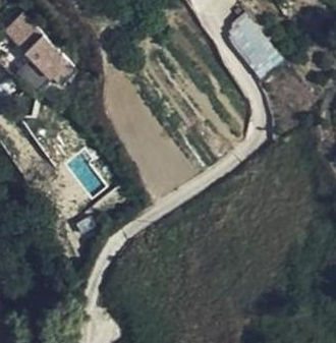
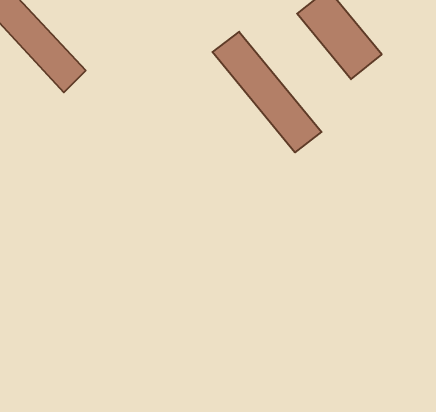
building: none -> [212,32,322,152]

